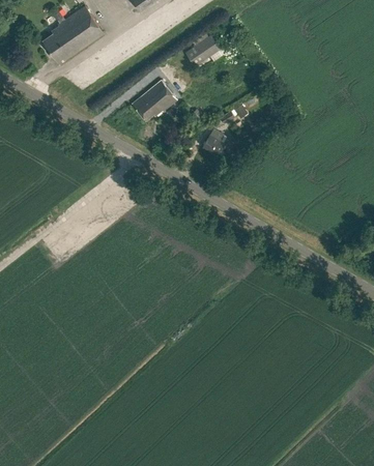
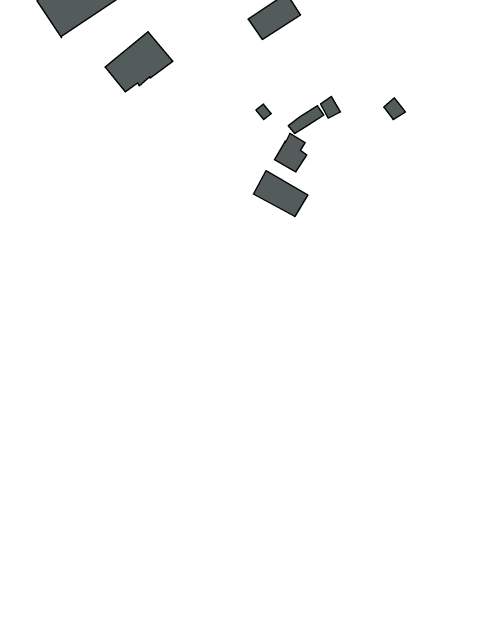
building: [132,80,177,120] -> [105,32,173,92]
building: none -> [253,171,308,217]

